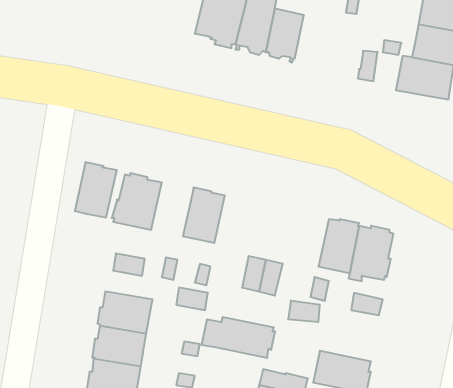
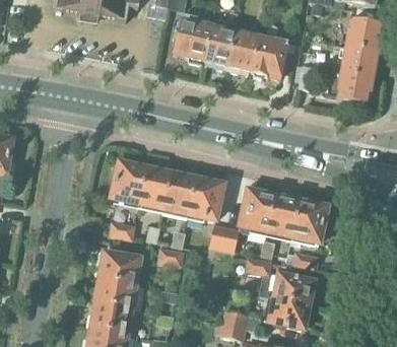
building: none -> [250,37,287,78]
building: [75,162,117,217] -> [139,166,172,209]
building: none -> [188,177,223,220]
building: none -> [239,189,276,232]
building: [201,317,275,358] -> [258,274,315,305]

